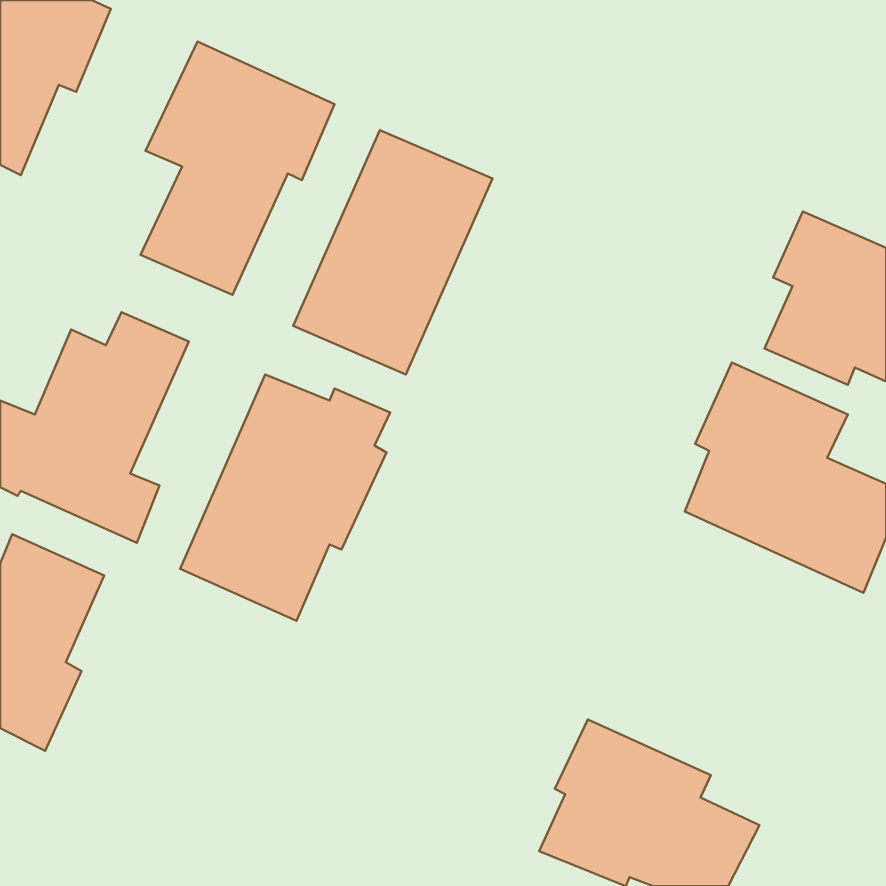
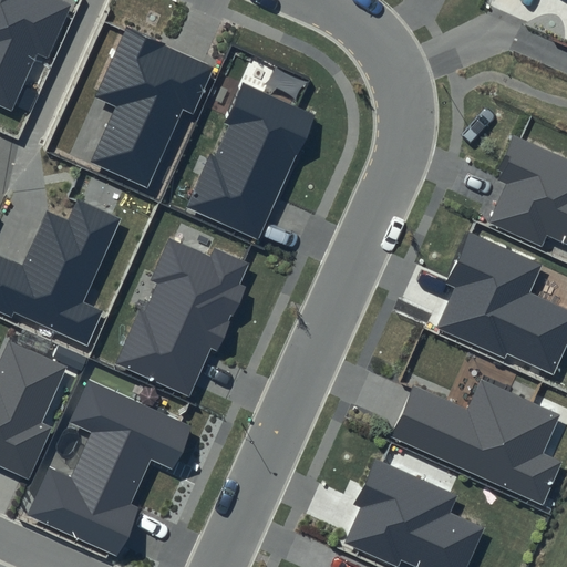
building: none -> [390,379,561,505]
building: none -> [27,380,192,556]

